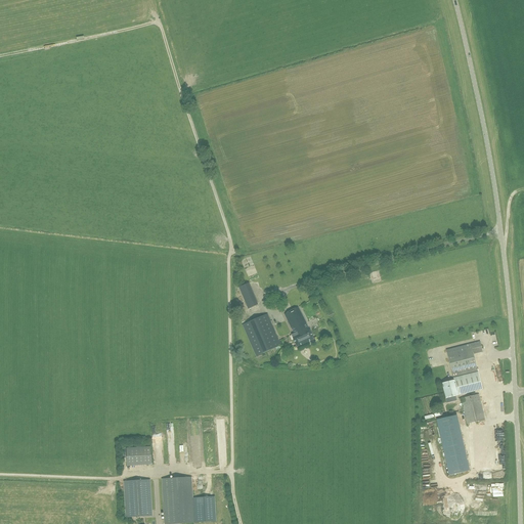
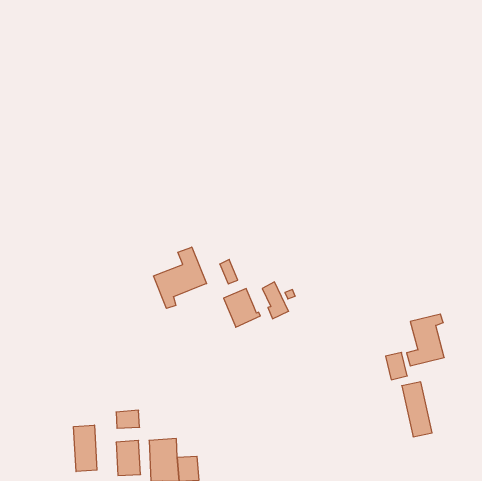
building: none -> [153,247,207,308]
building: [461,393,484,423] -> [386,352,407,380]
building: none -> [74,425,97,472]

